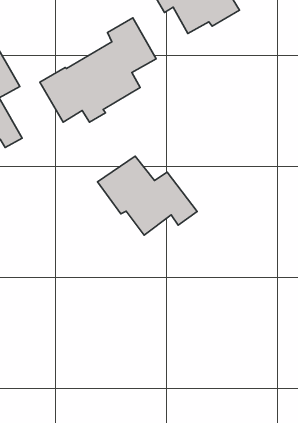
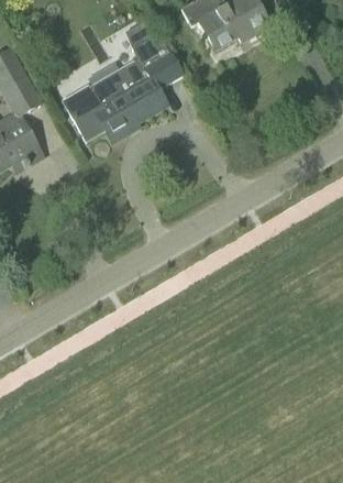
building: [98,156,197,235] -> none

